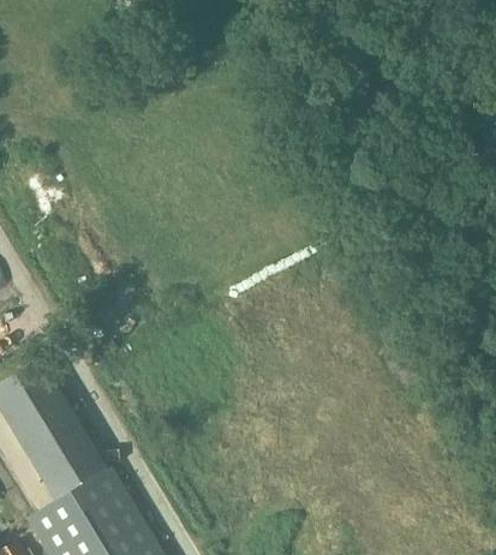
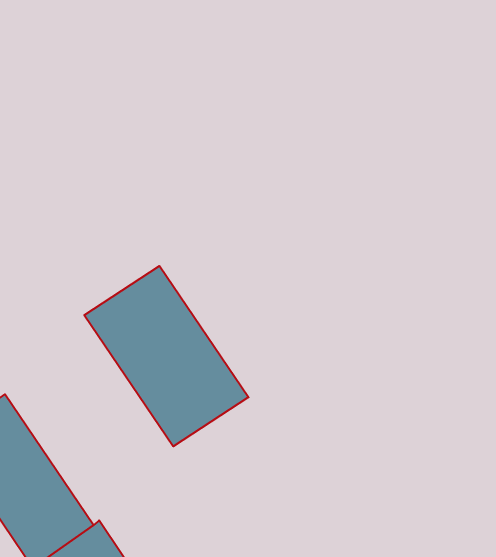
building: none -> [84,266,249,446]

